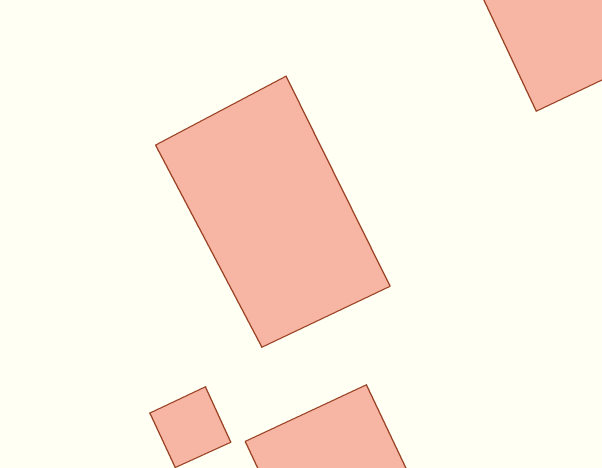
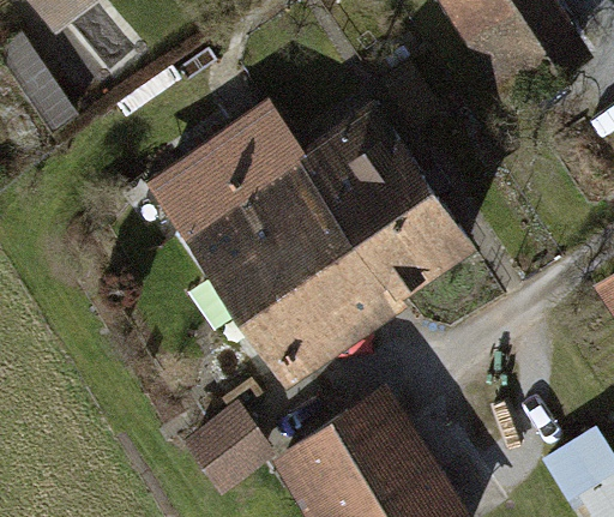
building: none -> [305,110,469,293]

